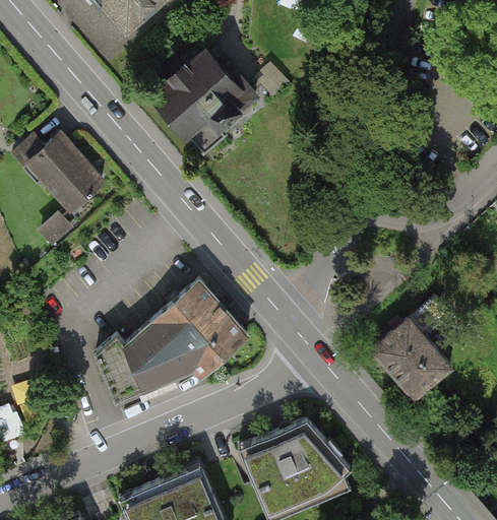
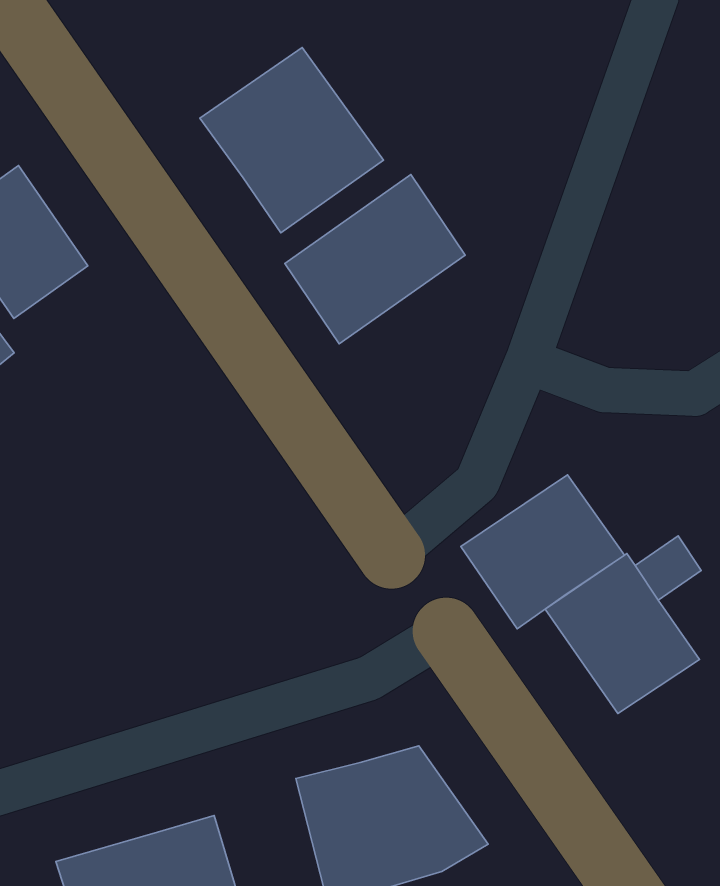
building: none -> [285,175,465,344]
building: none -> [461,475,624,629]
building: [97,279,247,400] -> none

